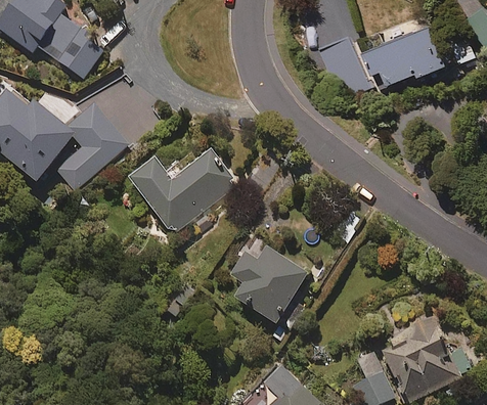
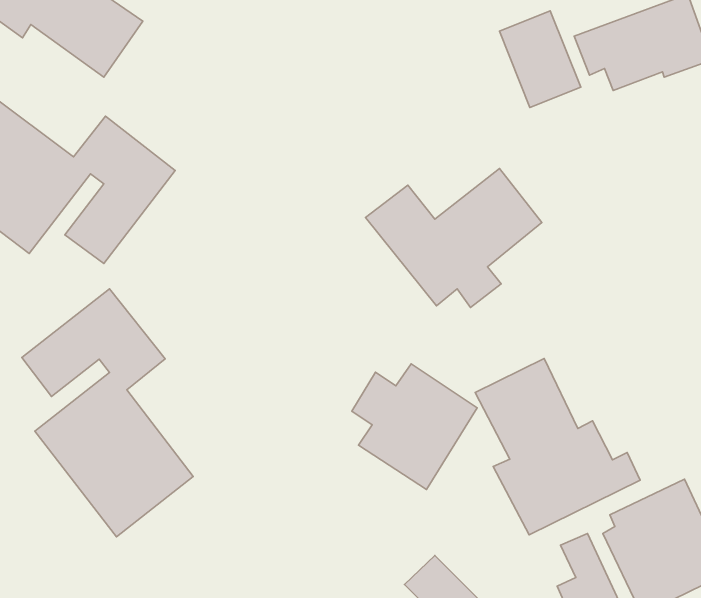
building: [129,148,235,232] -> [365,168,542,307]
building: none -> [22,289,193,537]
building: none -> [475,359,640,535]

